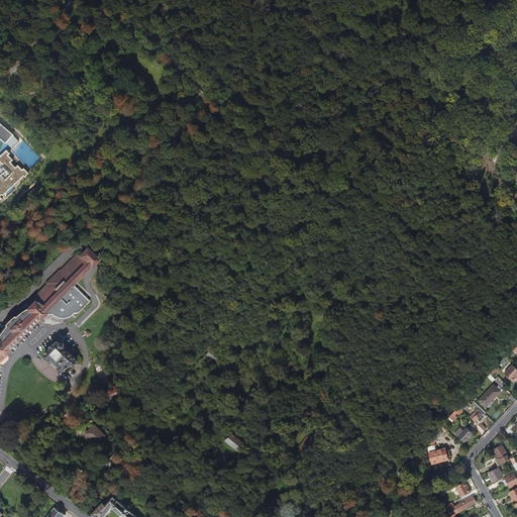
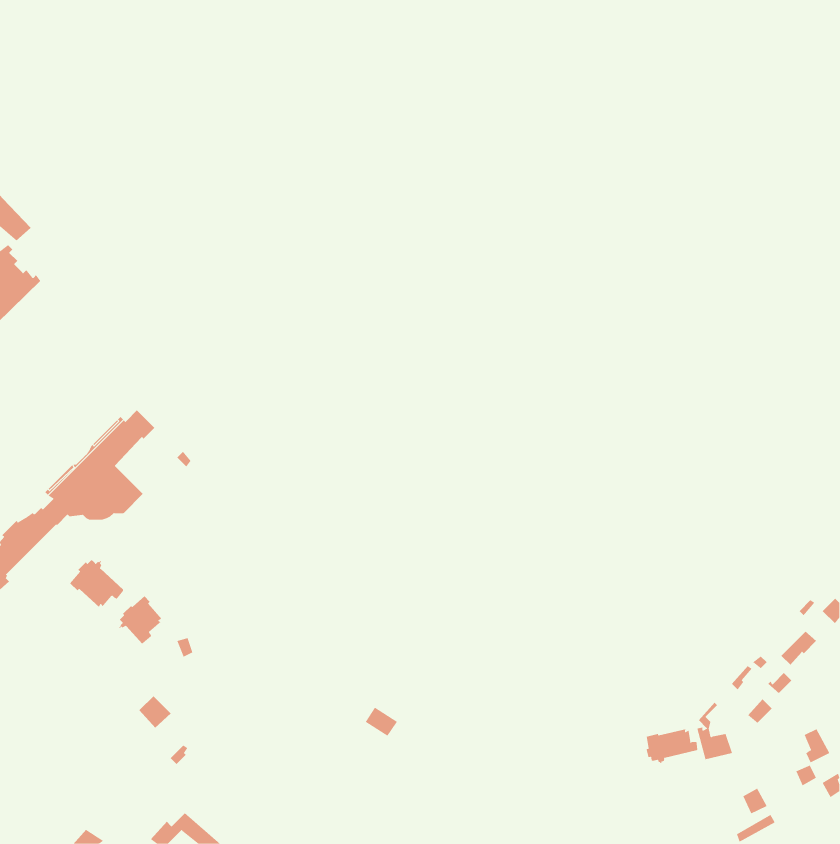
building: none -> [119,595,162,644]
building: none -> [646,729,698,764]

